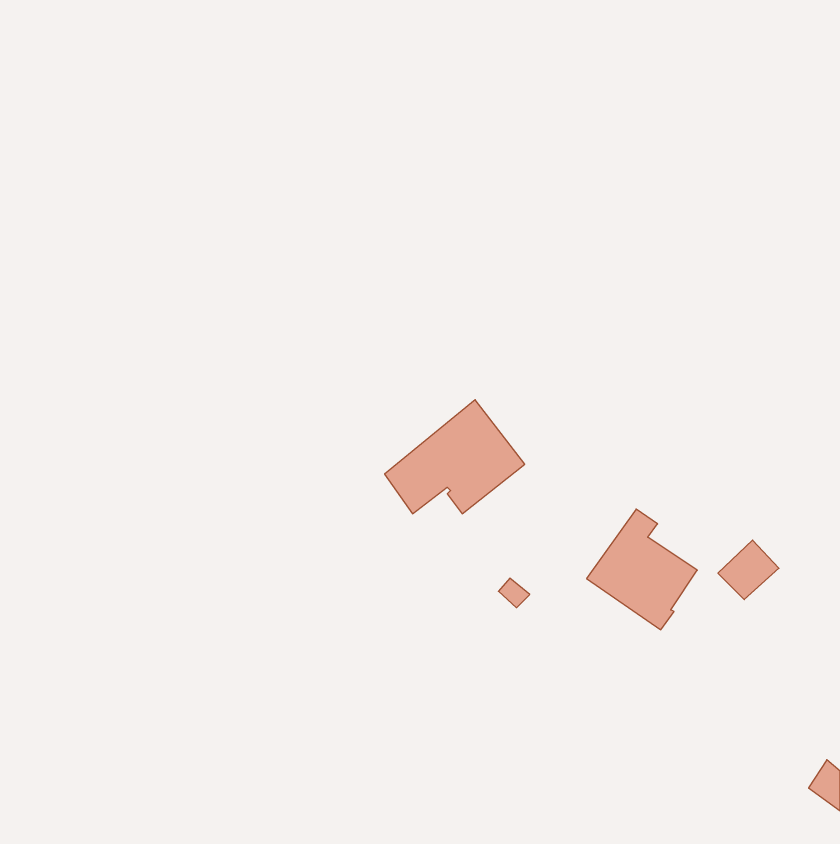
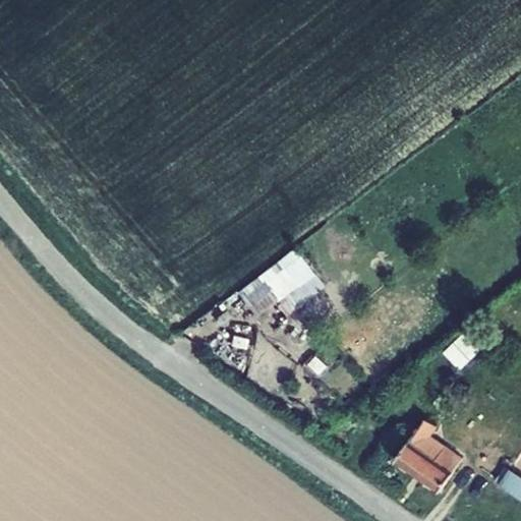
building: [587,509,697,630] -> [394,419,462,494]

